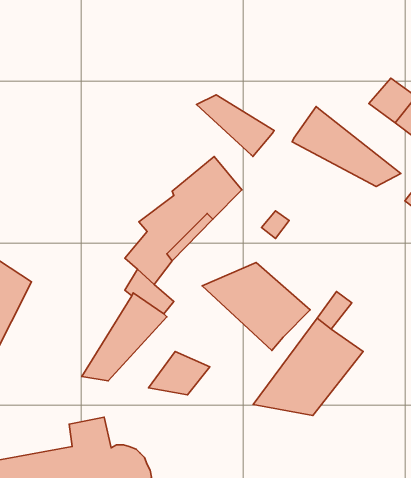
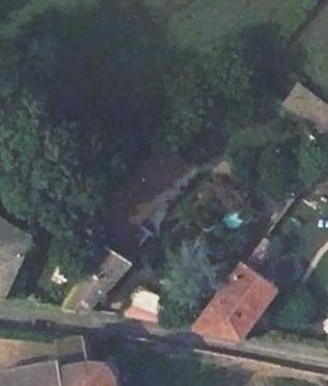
building: [197,95,274,157] -> none
building: [292,106,401,187] -> none
building: [202,263,310,351] -> none

